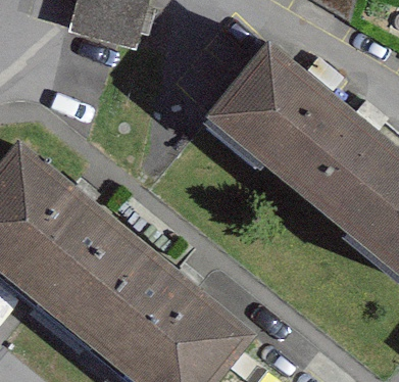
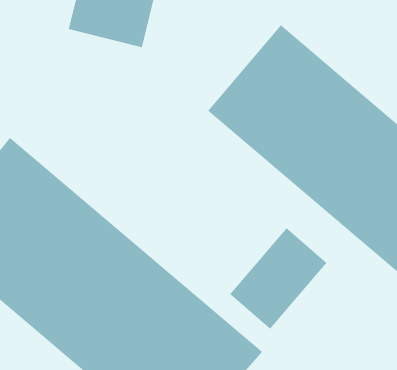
building: none -> [229,227,327,330]

